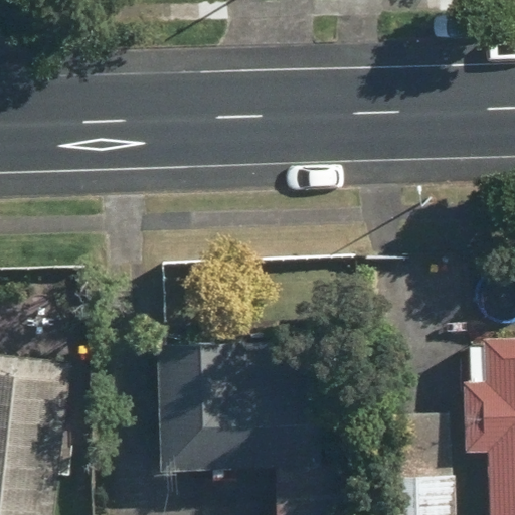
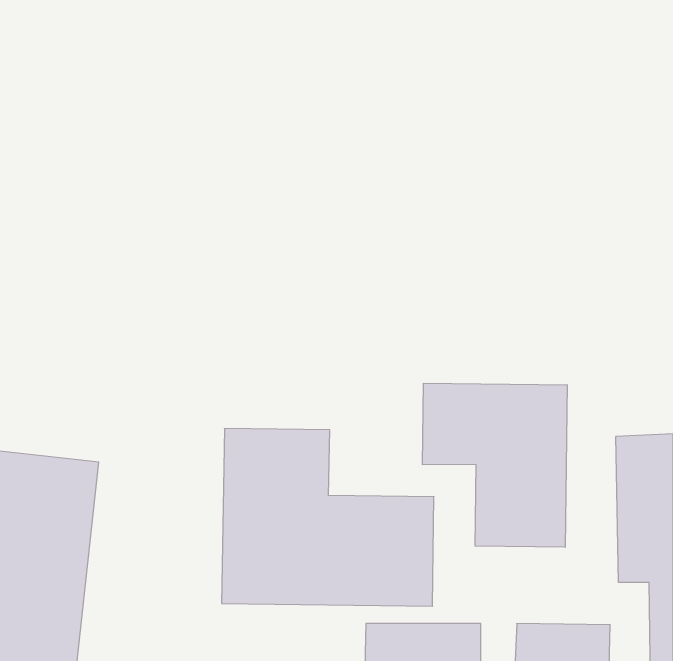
building: none -> [422,383,567,547]

